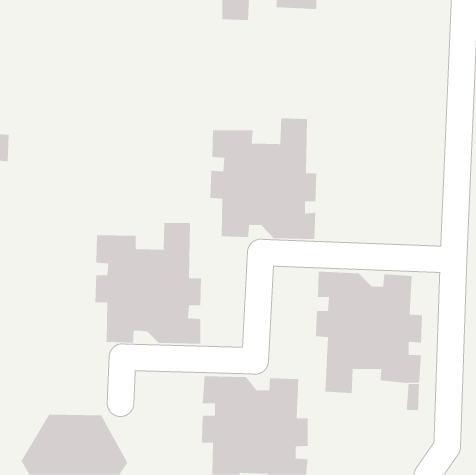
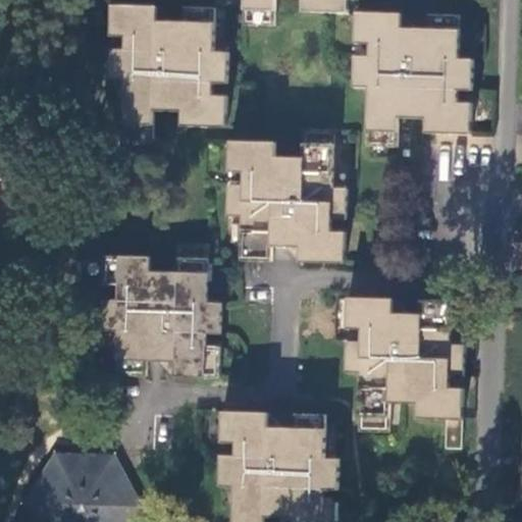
building: none -> [108,4,225,138]
building: none -> [353,10,471,144]

